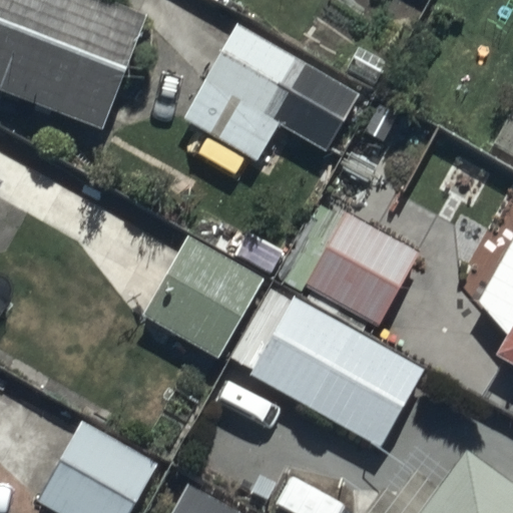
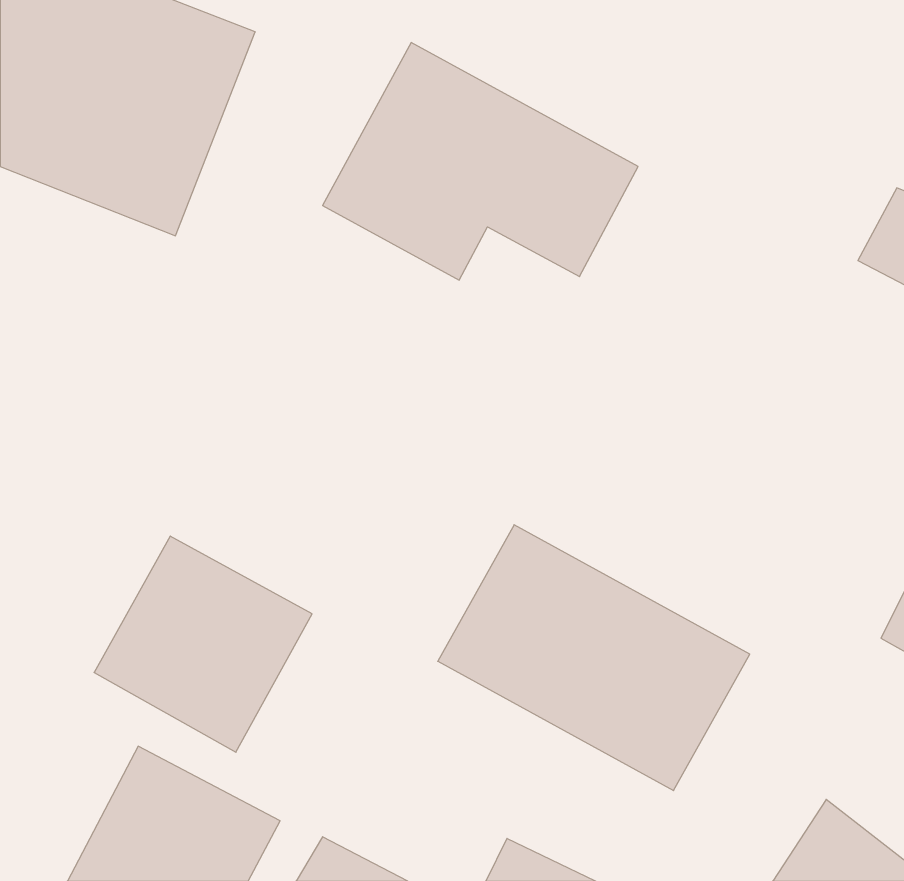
building: [300,210,419,331] -> none
building: [143,235,267,358] -> [94,536,312,752]

